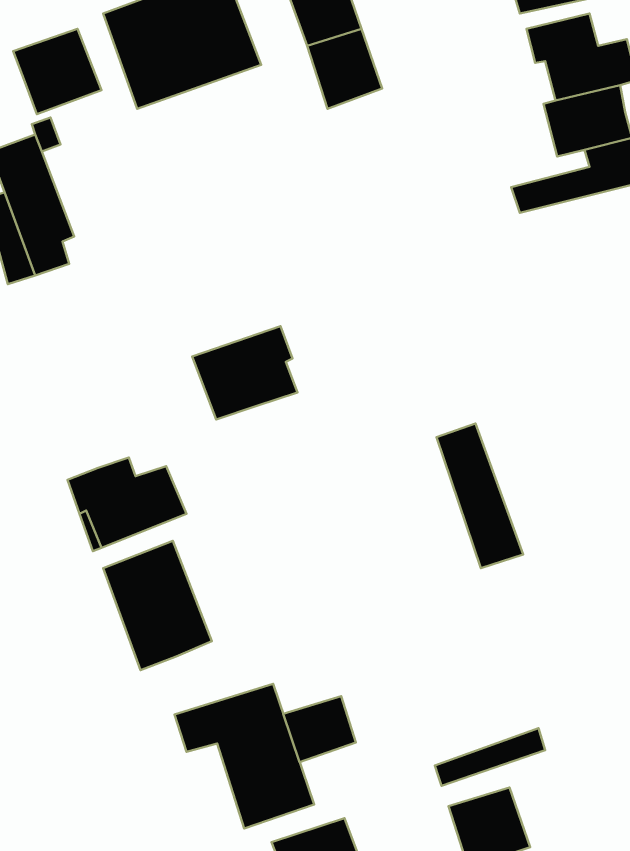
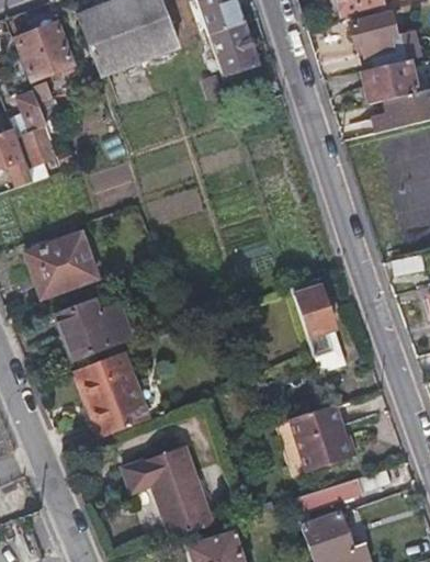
building: [192,326,298,420] -> [25,234,93,294]
building: none -> [290,402,357,469]
building: [283,696,356,762] -> none

